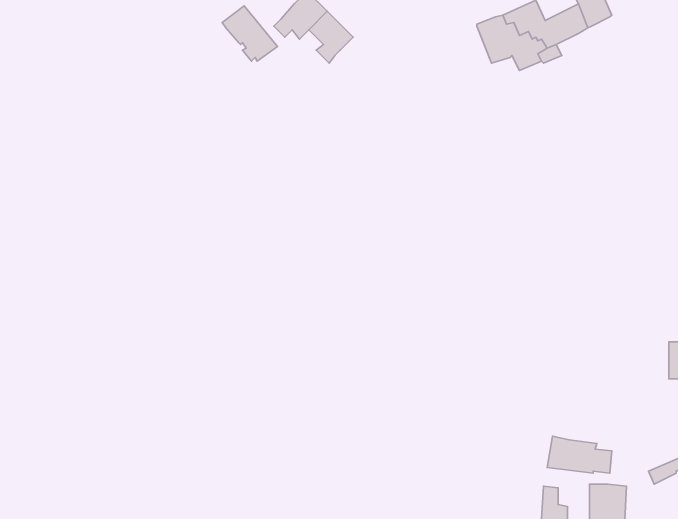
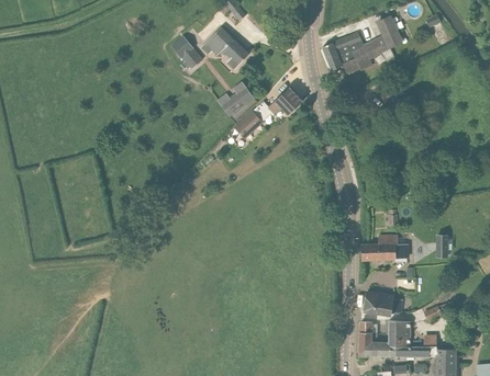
building: none -> [218,81,255,116]
building: none -> [235,87,303,137]
building: none -> [361,233,408,258]

